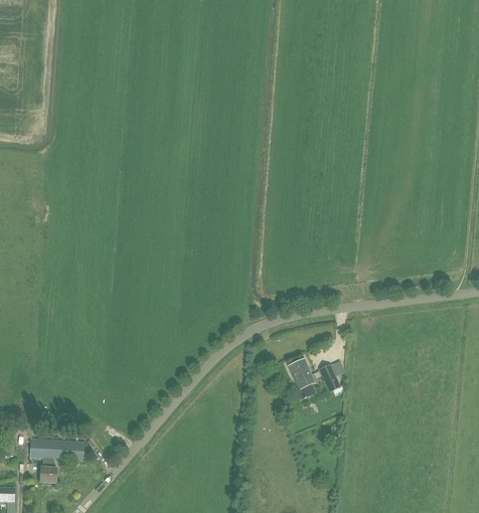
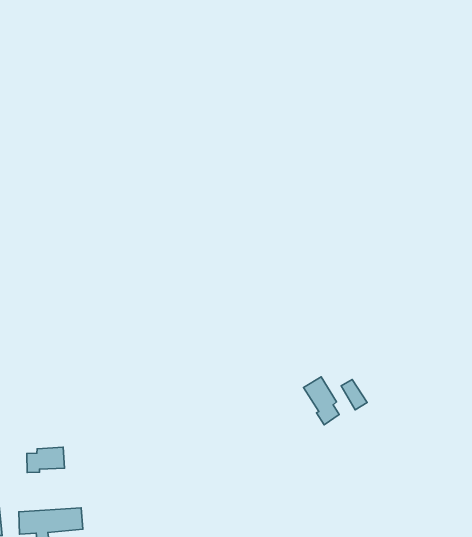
building: none -> [27,447,64,473]

